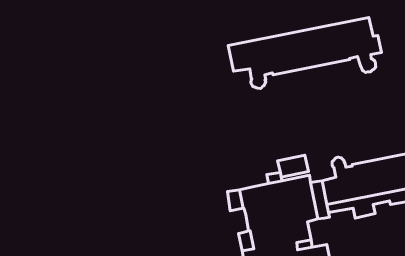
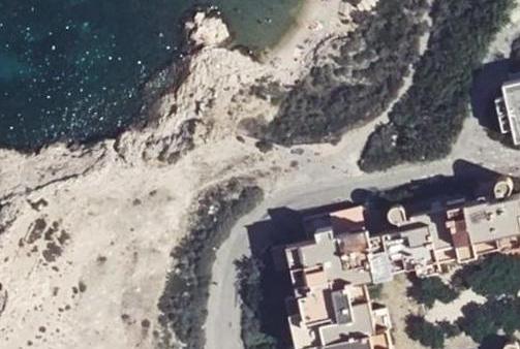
building: [228,18,381,88] -> none

